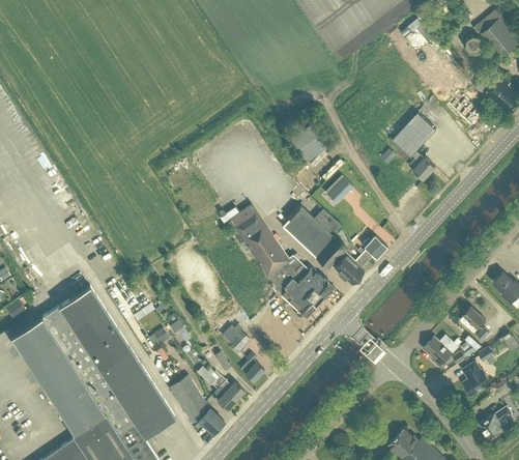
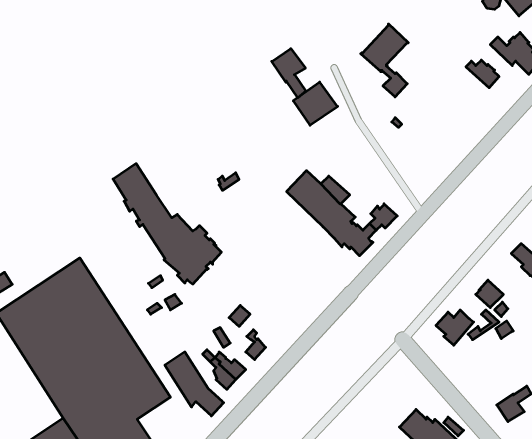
building: none -> [272,49,306,98]
building: [392,112,436,180] -> [361,24,408,97]
building: [324,175,352,204] -> none
building: [232,205,334,318] -> [113,164,221,284]
building: [462,361,492,396] -> none

